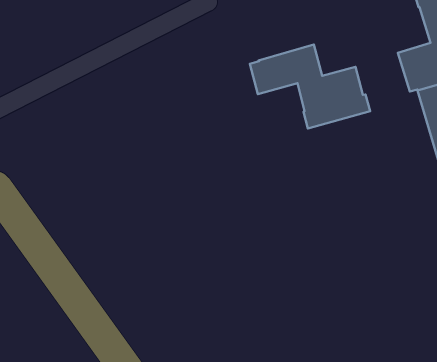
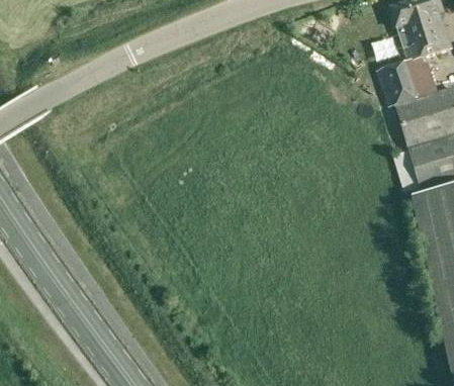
building: [250,45,370,129] -> none

